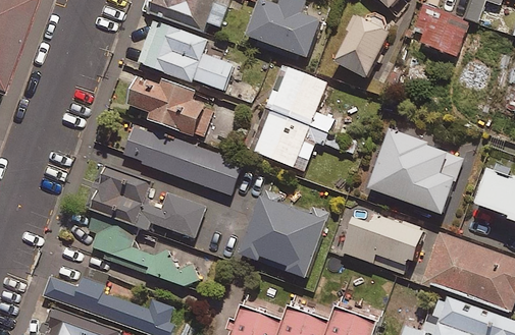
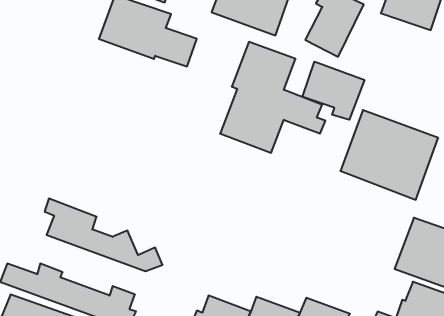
building: [127,74,205,137] -> none
building: none -> [302,62,364,120]
building: [122,125,242,196] -> none
building: [91,168,205,238] -> none
building: [240,190,329,280] -> none
building: [343,217,424,276] -> none

